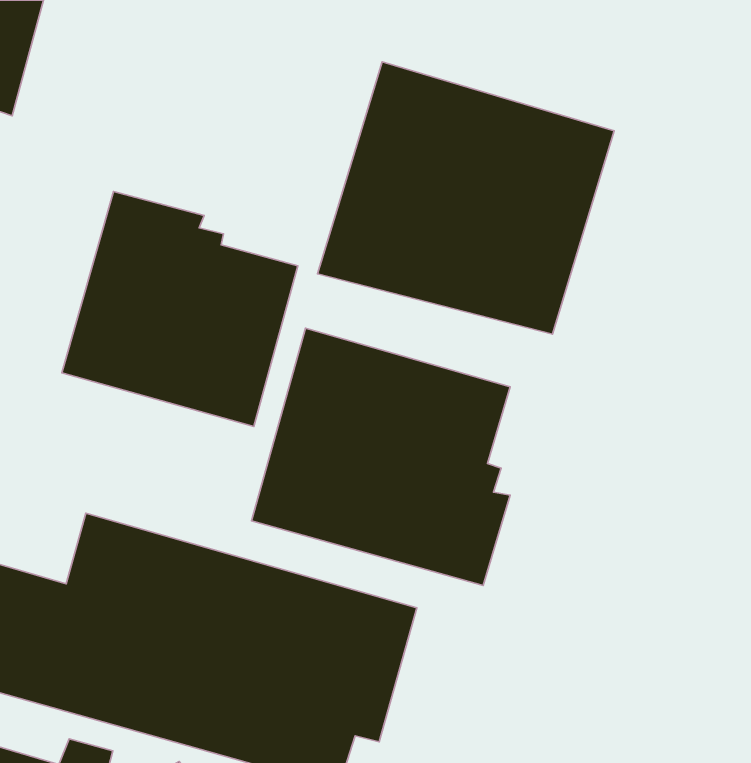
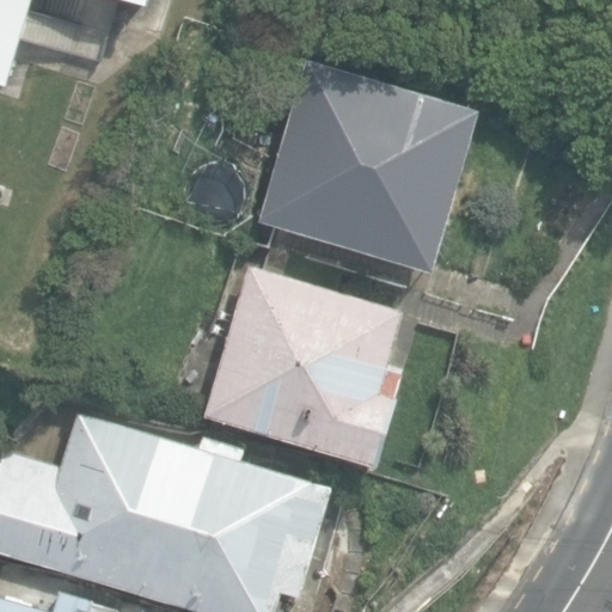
building: [62,191,298,427] -> none

